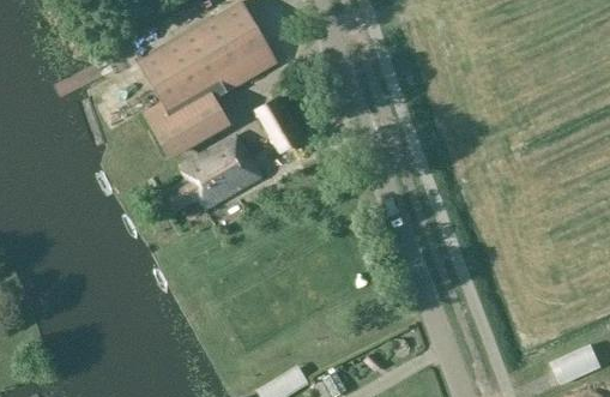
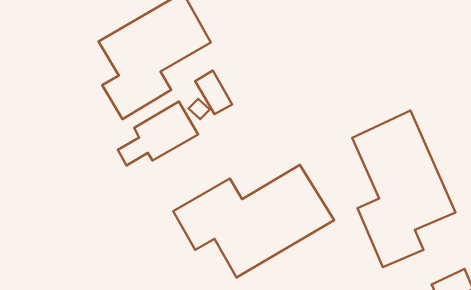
building: none -> [352,111,456,267]
building: none -> [173,165,334,277]

